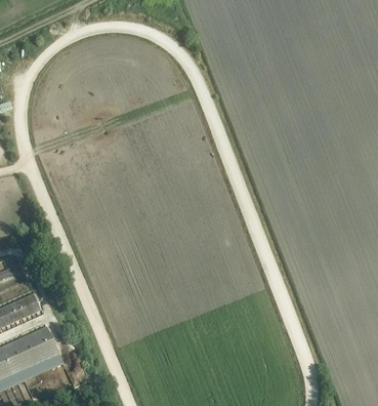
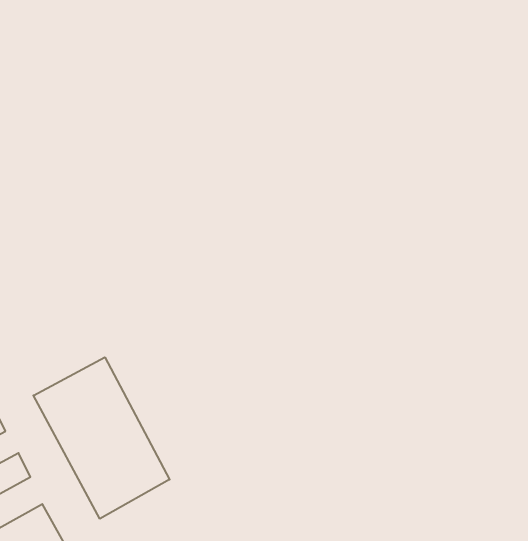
building: none -> [33,357,170,519]

